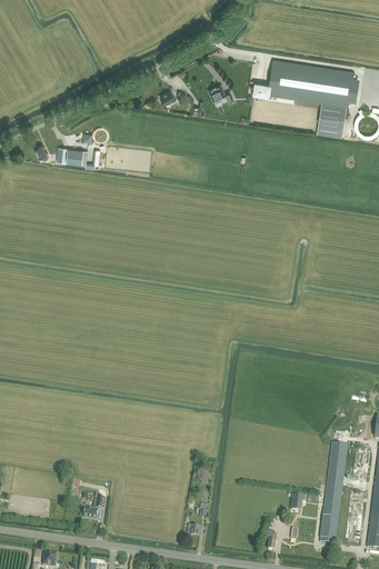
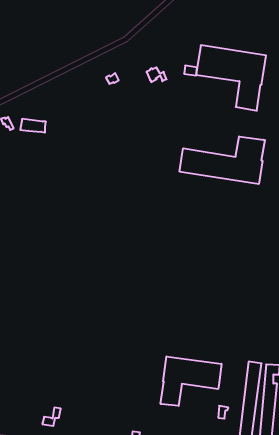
building: none -> [180,136,265,184]
building: none -> [161,356,221,406]

